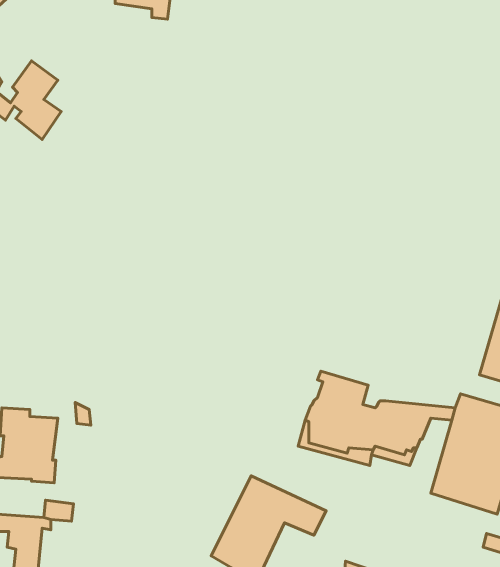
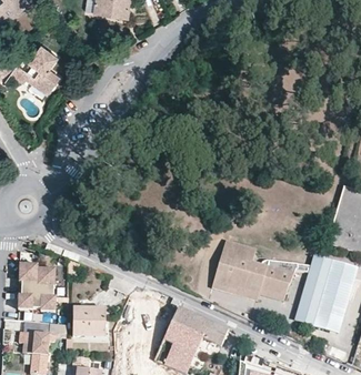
building: none -> [72,306,104,335]

